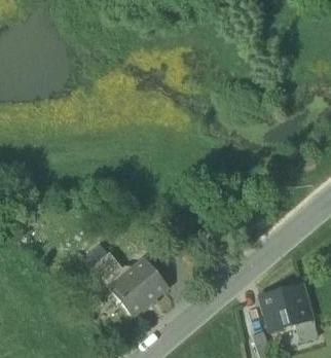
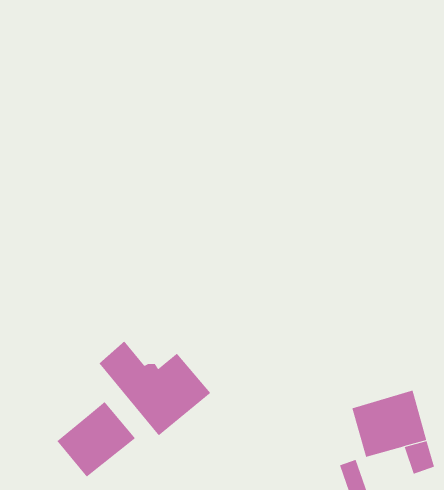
building: none -> [57,401,136,478]

